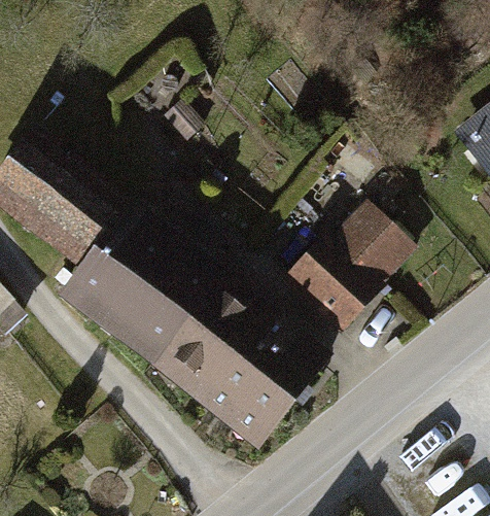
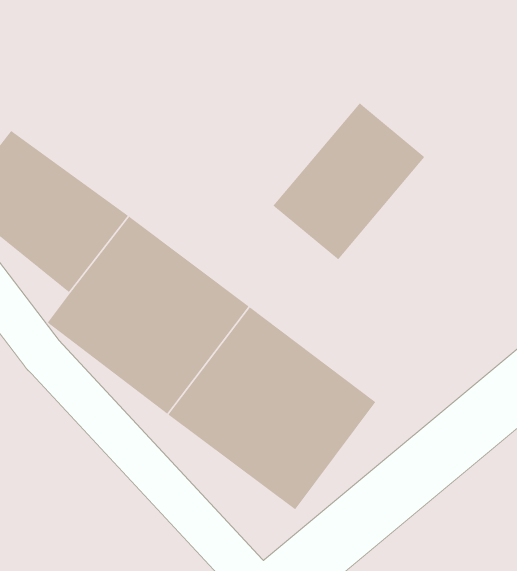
building: [283,211,410,342] -> [272,102,425,260]

